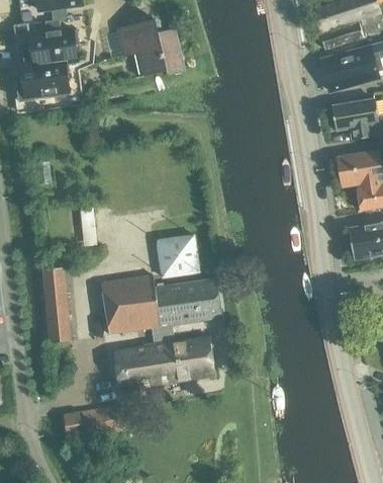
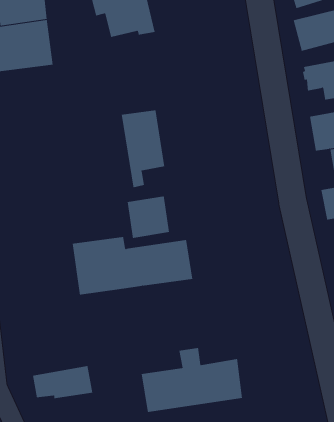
building: none -> [121,109,165,188]
building: [41,267,70,343] -> none
building: [113,325,214,390] -> [141,347,243,412]

